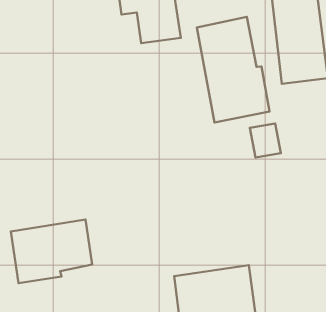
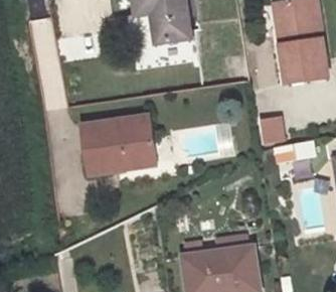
building: [197,17,269,122] -> none
building: [11,219,92,283] -> [79,115,154,173]

